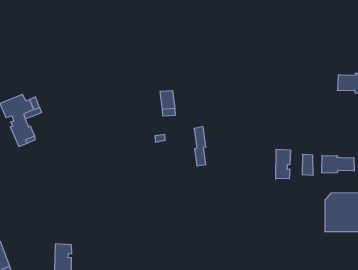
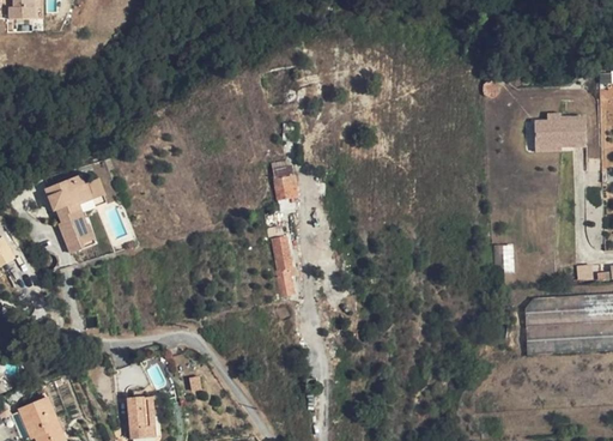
building: [194,127,206,166] -> [272,235,292,294]
building: [276,149,290,179] -> none
building: [322,155,354,173] -> none

